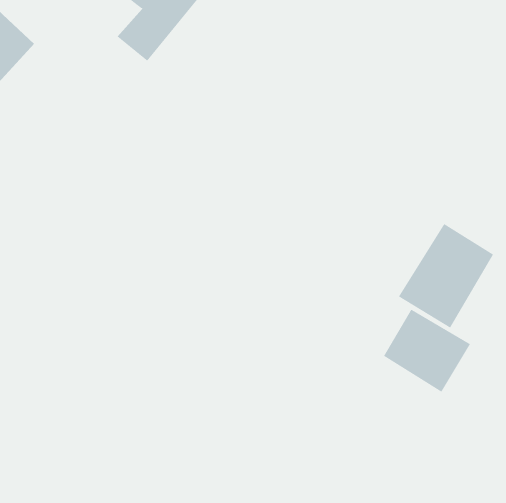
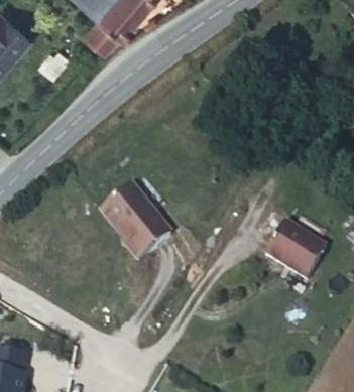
building: [398,223,494,328] -> none
building: none -> [96,179,165,246]

